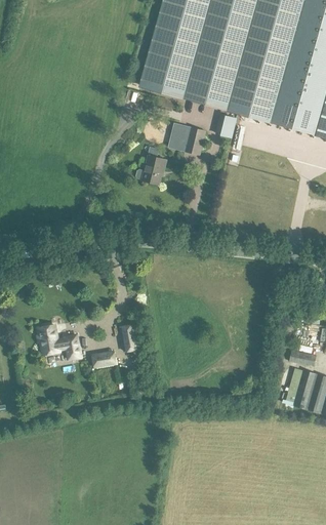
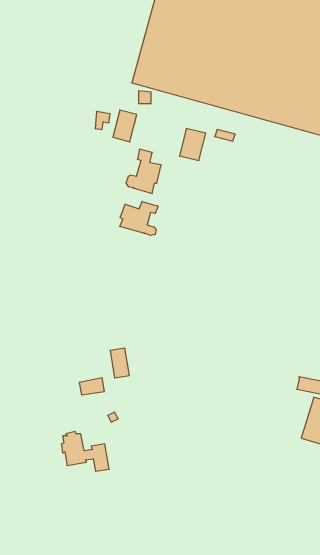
building: [167,122,189,151] -> [113,110,137,142]
building: none -> [120,201,158,235]
building: [37,323,80,359] -> [61,431,109,471]

